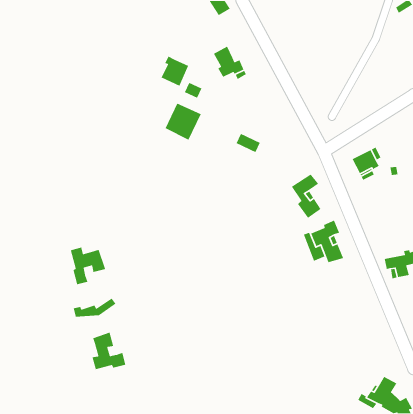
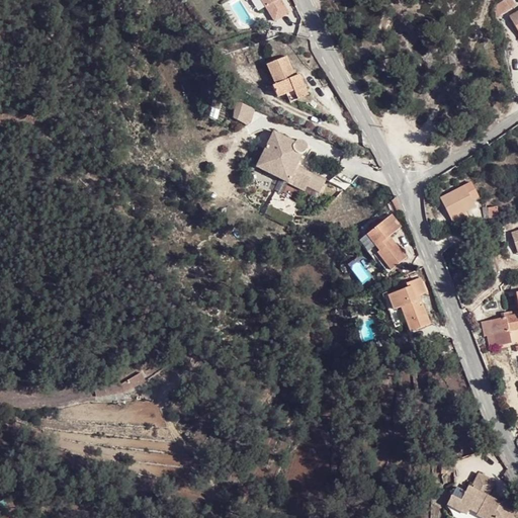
building: [161,56,189,87] -> none
building: [165,103,202,141] -> [259,134,306,181]
building: [70,247,106,285] -> none
building: [91,331,126,370] -> none

